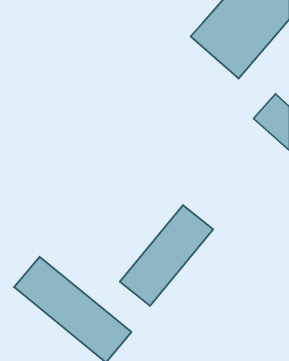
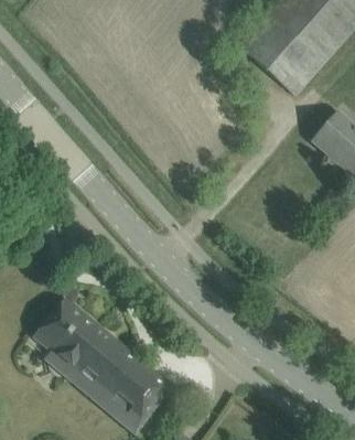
building: [120,205,213,306] -> none

